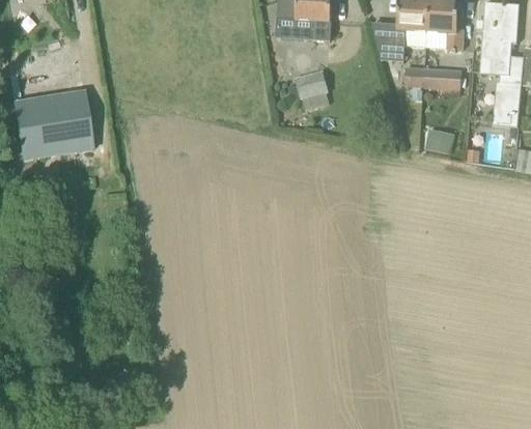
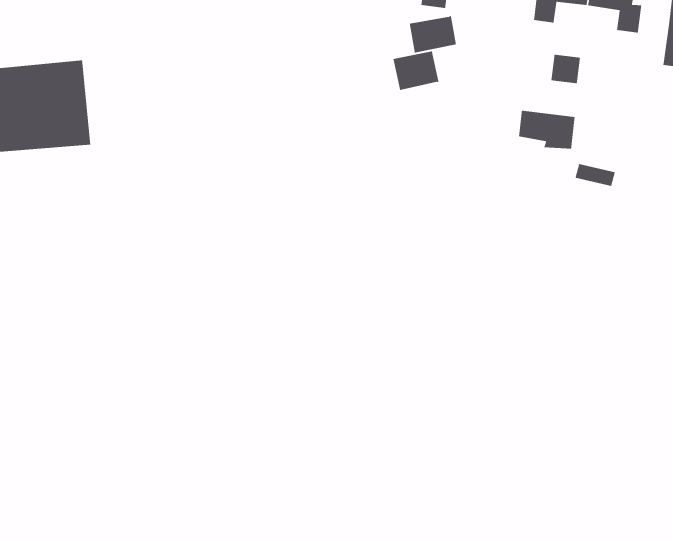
building: none -> [409,15,457,53]
building: [423,67,462,92] -> [518,110,576,150]

